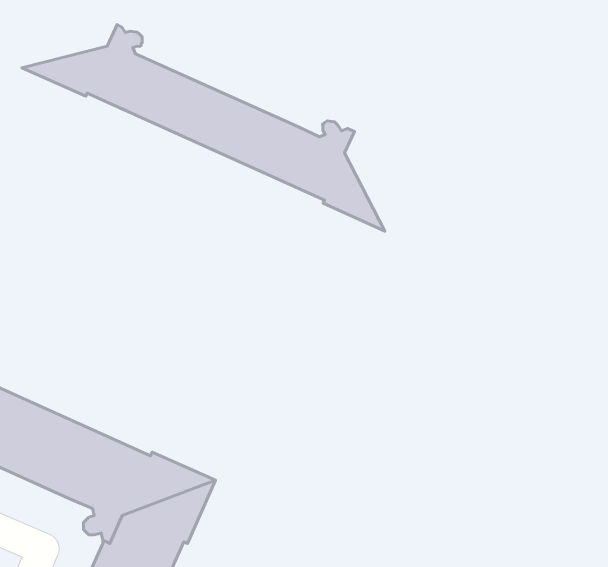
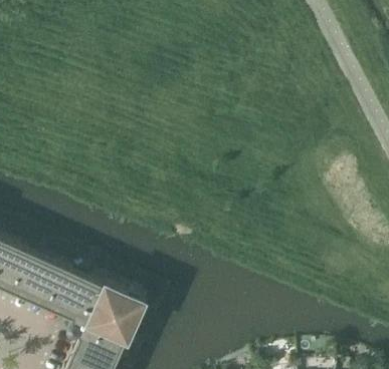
building: [22,24,385,231] -> none

